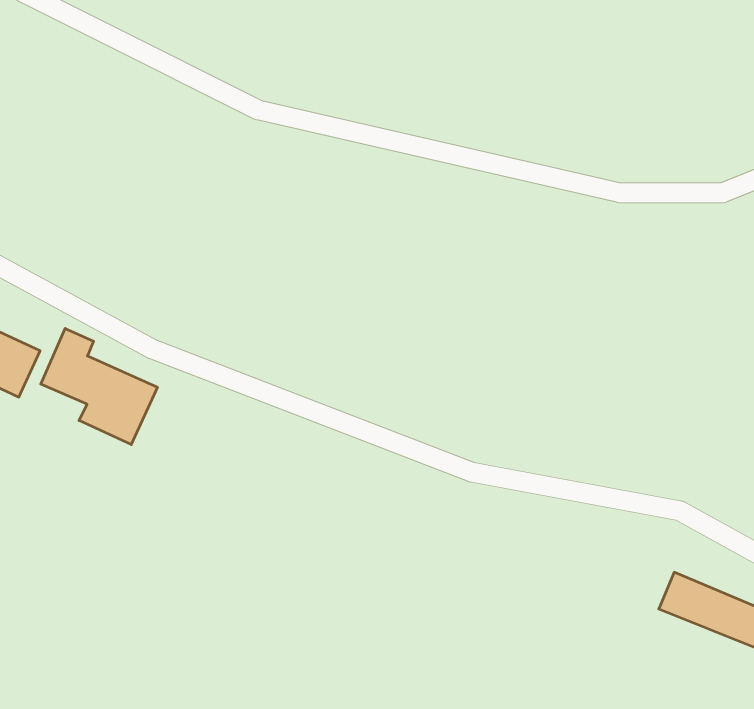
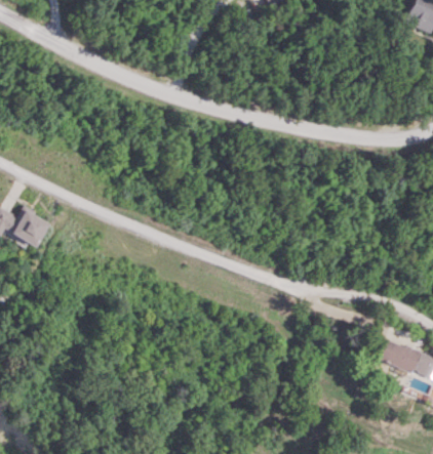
building: [41,328,157,445] -> none

